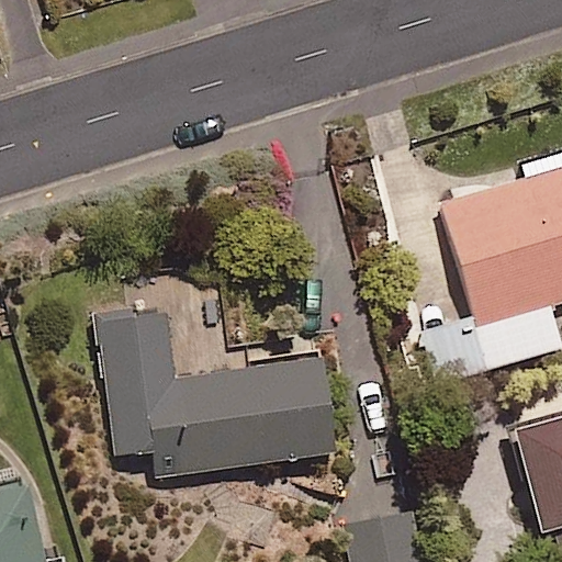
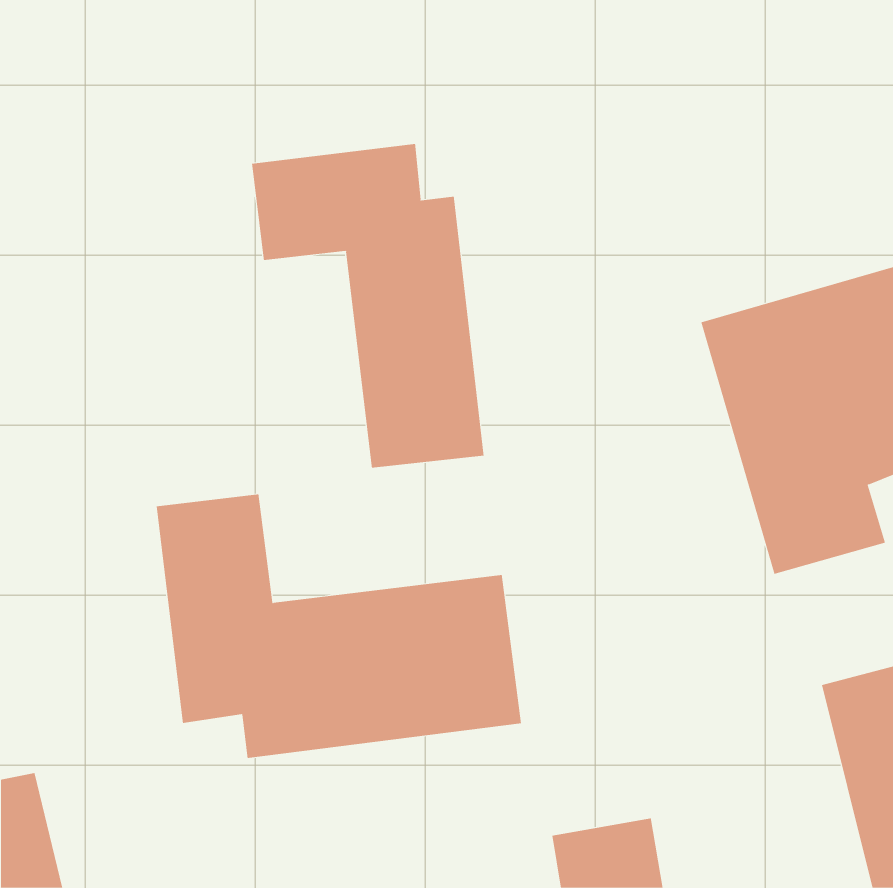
building: none -> [252,143,484,469]

